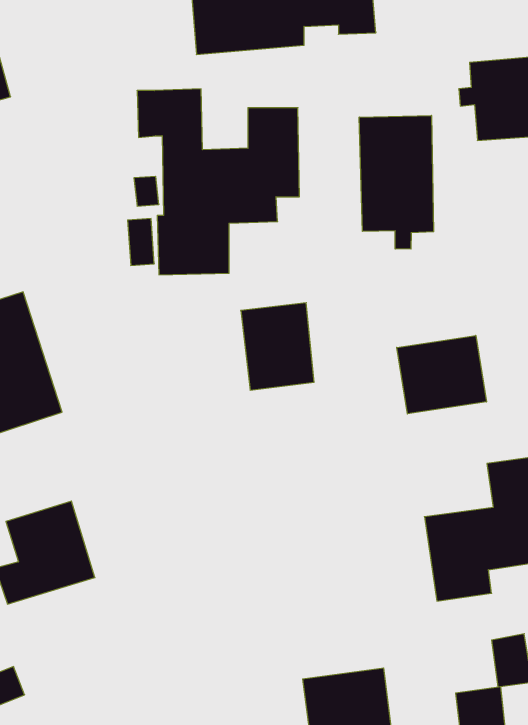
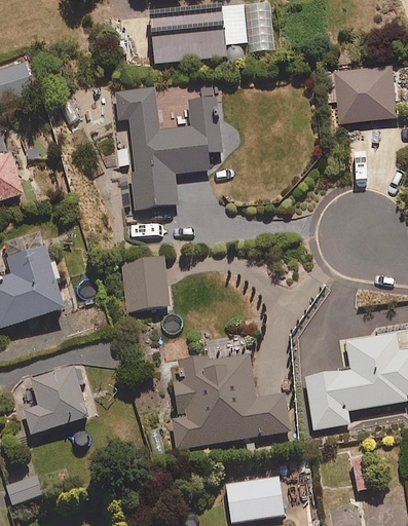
building: [359,115,434,249] -> none
building: [241,303,314,390] -> [121,254,170,311]
building: [397,335,486,414] -> none
building: none -> [170,346,291,449]

